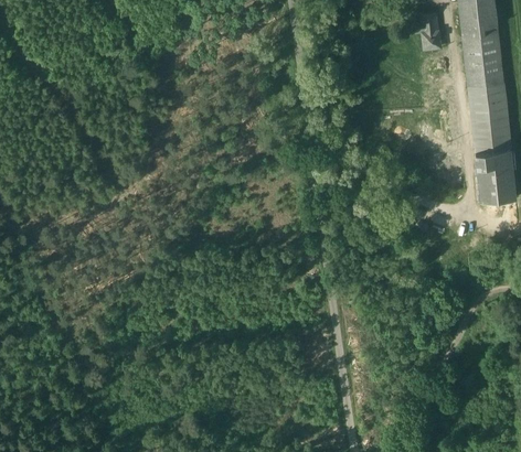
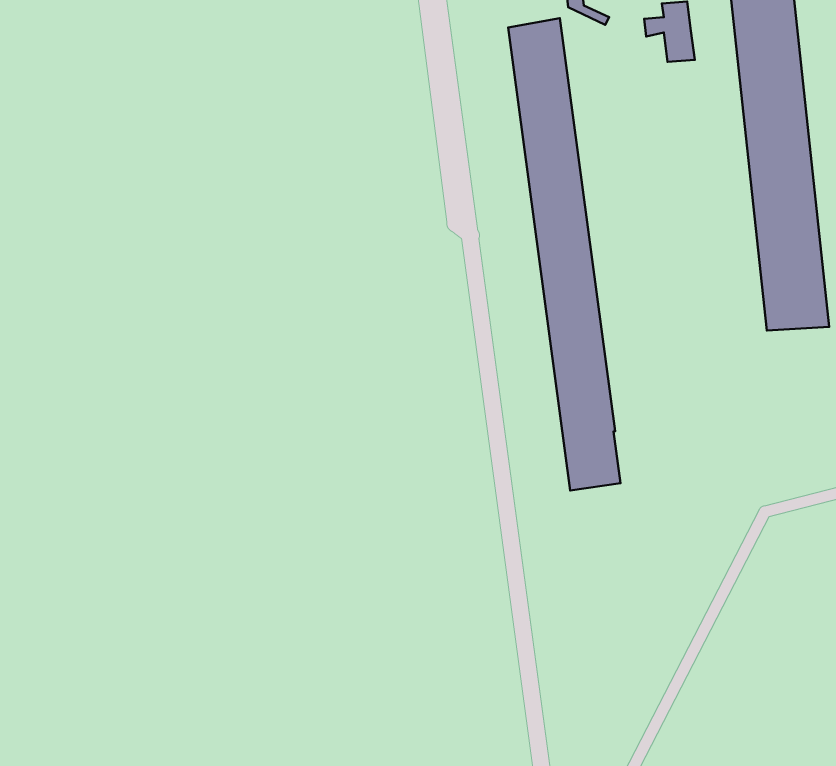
building: none -> [508,18,620,491]

